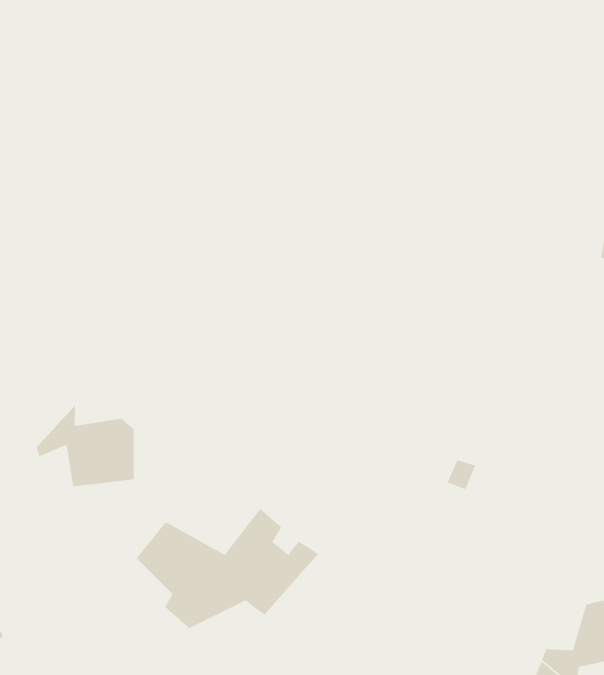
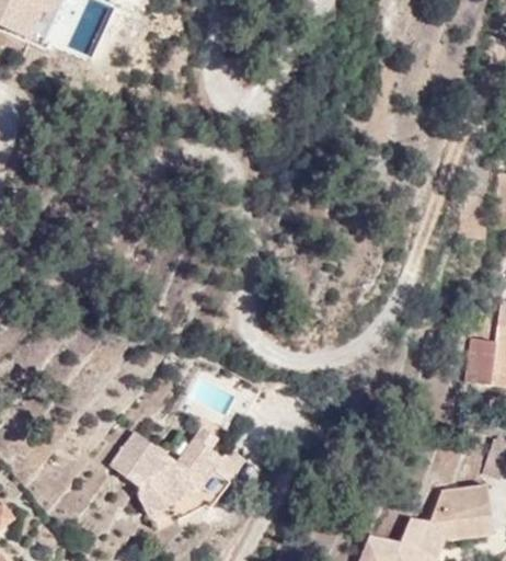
building: [36,404,134,487] -> none

